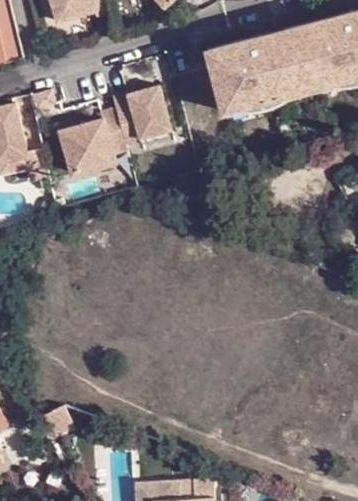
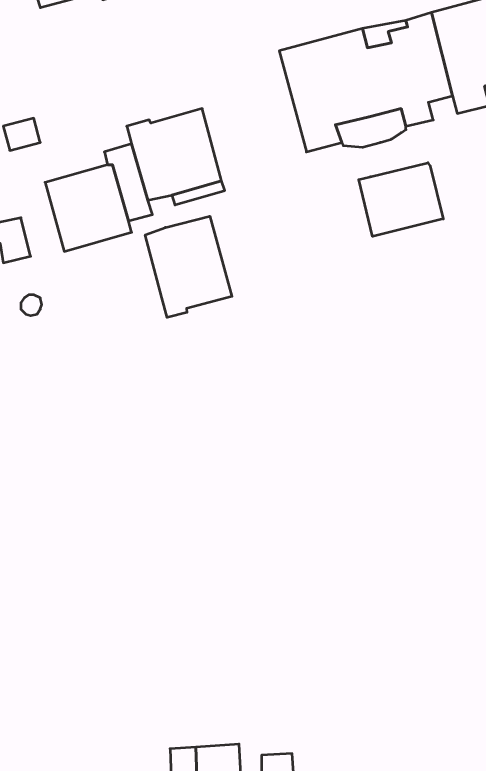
building: none -> [359,163,443,236]
building: none -> [145,216,232,317]

